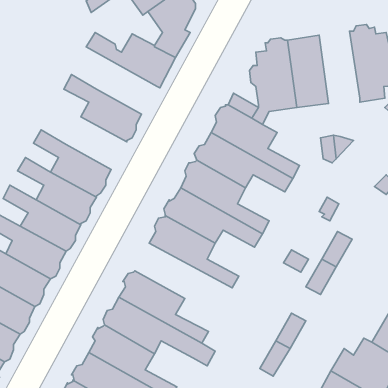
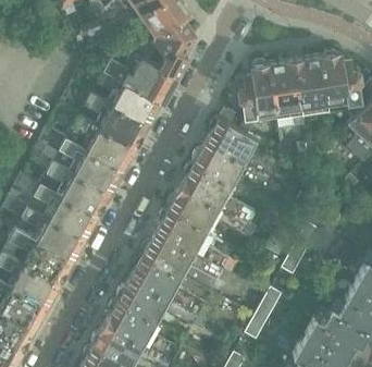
building: none -> [294,56,327,115]
building: none -> [96,69,160,124]
building: none -> [70,114,135,170]
building: none -> [140,231,222,280]

